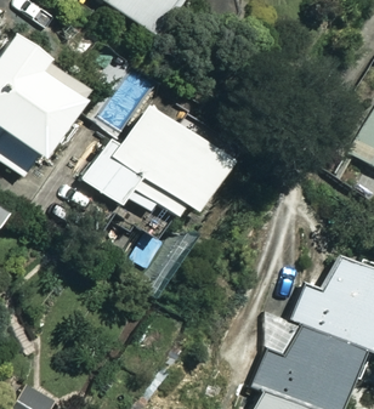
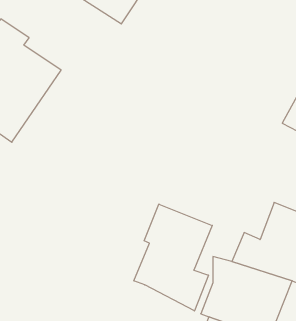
building: [87,100,231,222] -> none
building: none -> [134,204,212,311]

